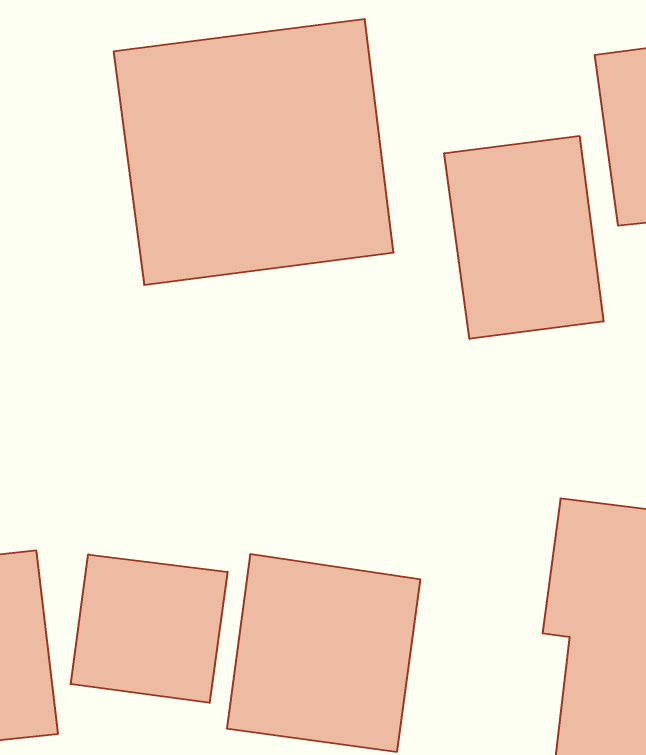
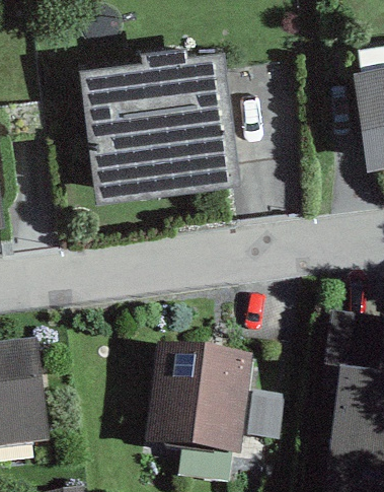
building: [444,136,604,339] -> none
building: [71,554,228,703] -> none

